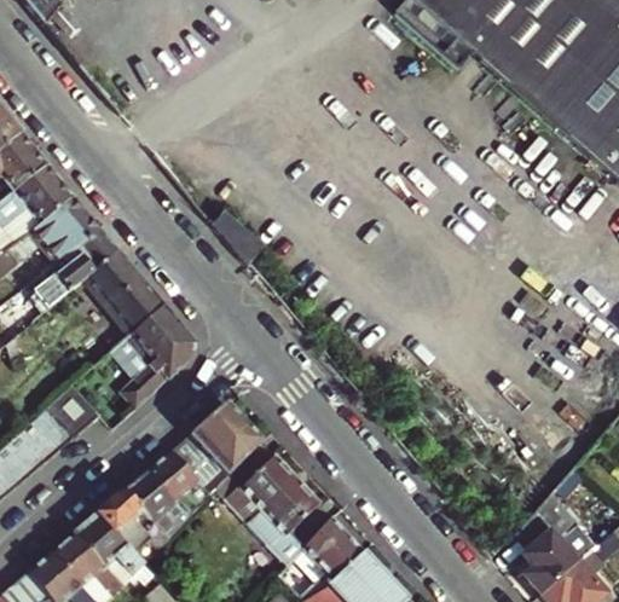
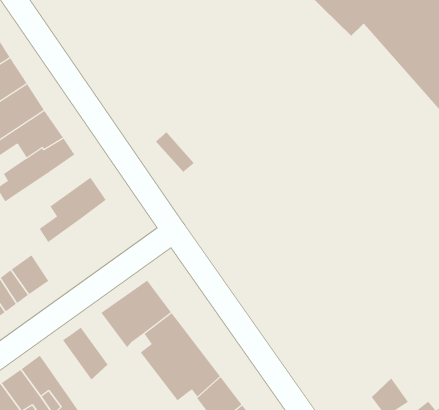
building: [76,249,140,319] -> none
building: [104,303,195,417] -> none
building: [146,450,208,515] -> none
building: [97,490,166,556] -> none

